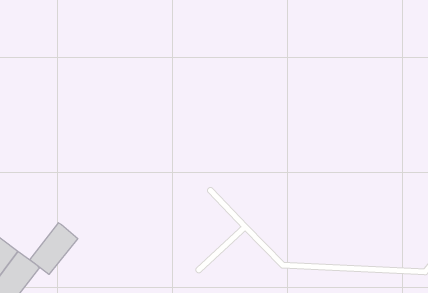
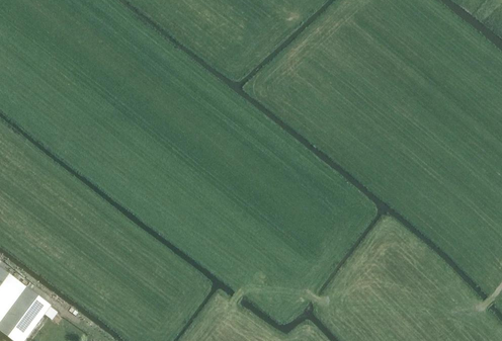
building: [30,223,78,274] -> none

